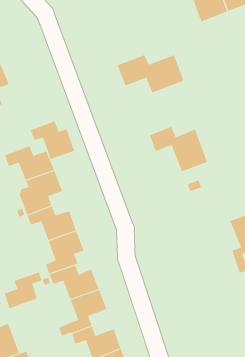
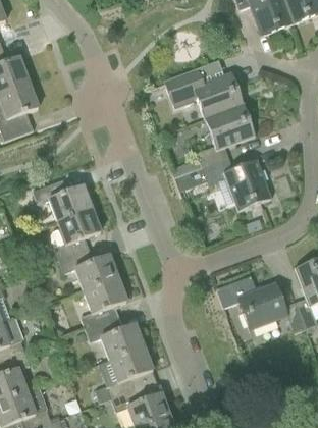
building: none -> [171,103,255,177]
building: [30,120,75,160] -> none
building: none -> [216,274,307,331]
building: [4,272,42,309] -> none

